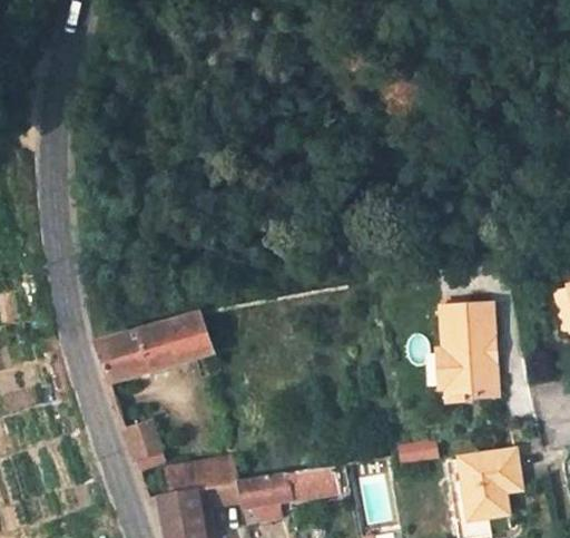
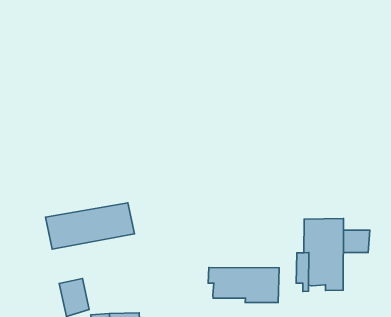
building: none -> [344,230,370,252]
building: none -> [208,268,279,303]

